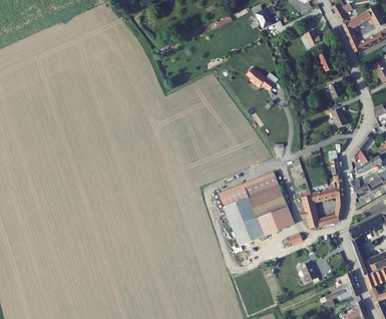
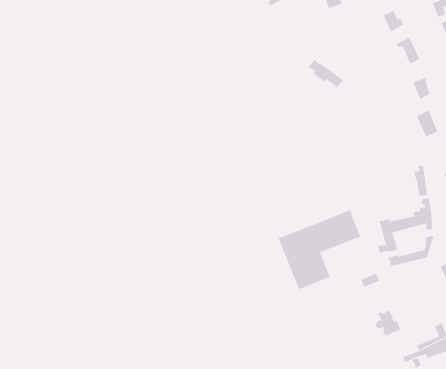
building: [218,172,279,207] -> none
building: [256,206,294,237] -> none

